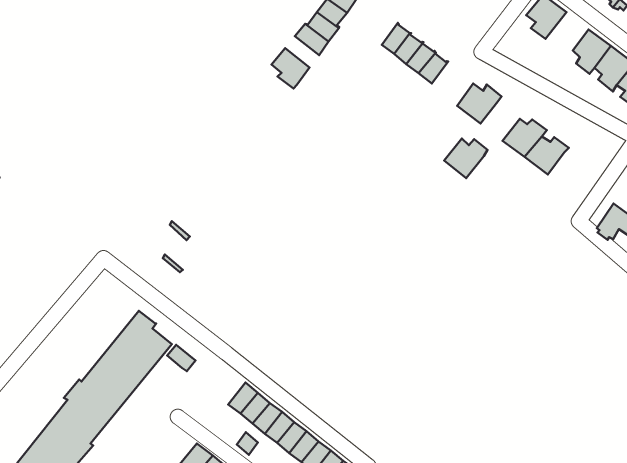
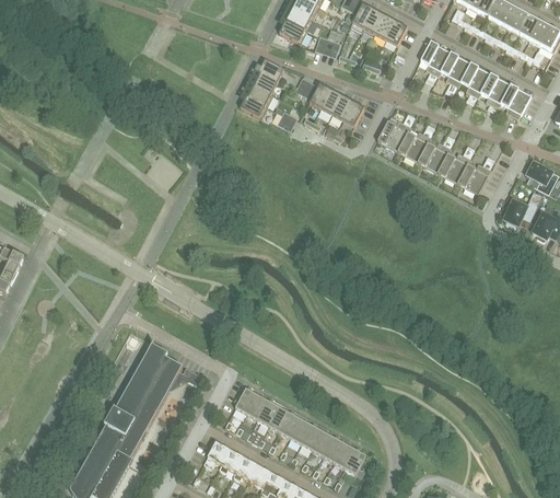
building: none -> [440,51,470,86]
building: [272,48,310,89] -> none
building: [444,139,487,178] -> [397,130,430,162]
building: none -> [457,162,490,194]

